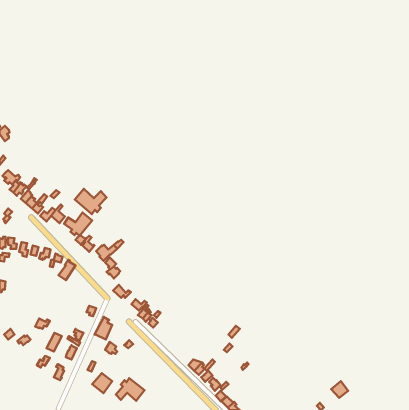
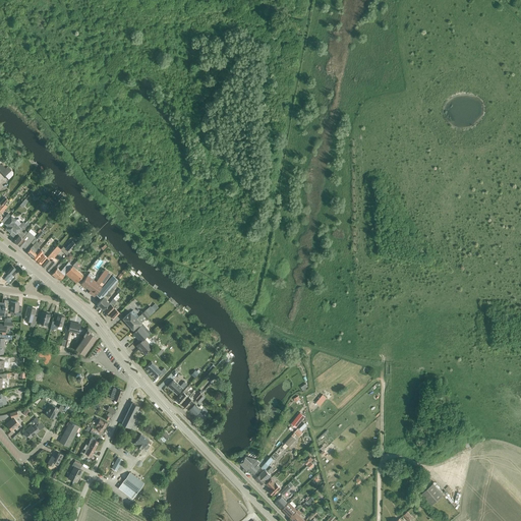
building: [75,189,107,214] -> none
building: [116,378,145,401] -> none

